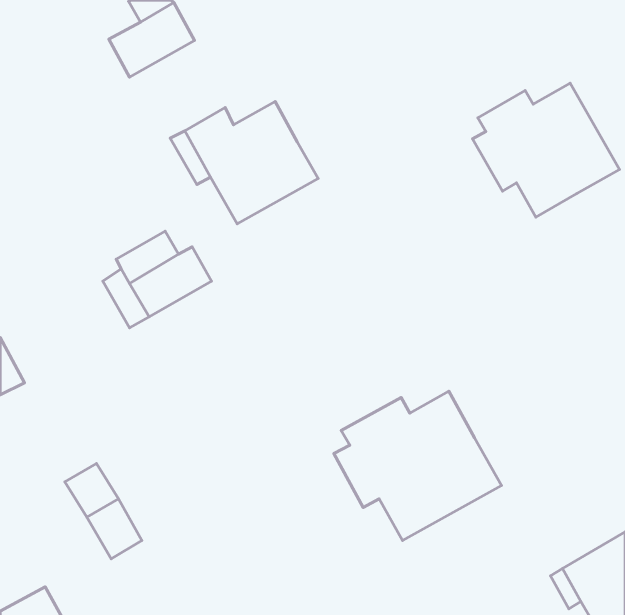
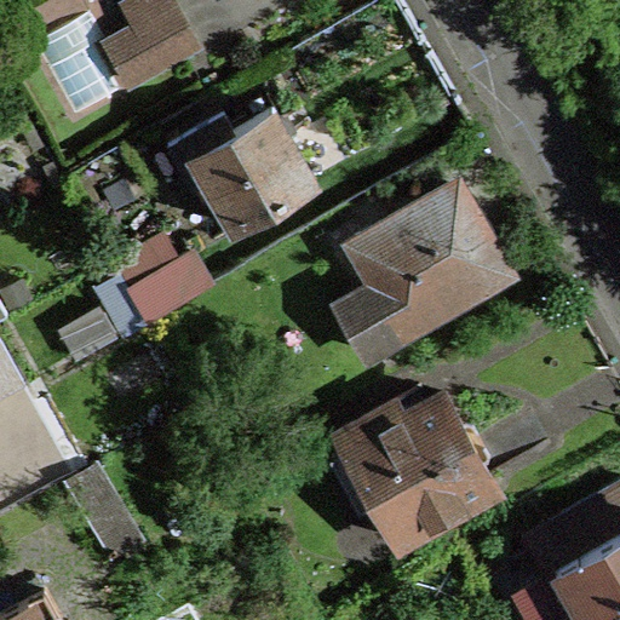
building: [472,83,620,217] -> none
building: none -> [338,189,510,355]

